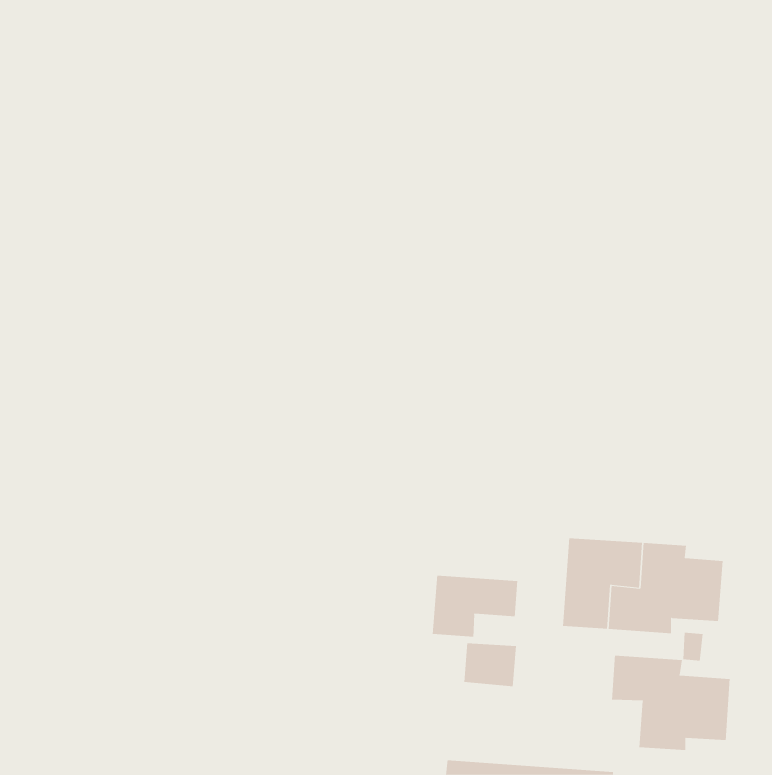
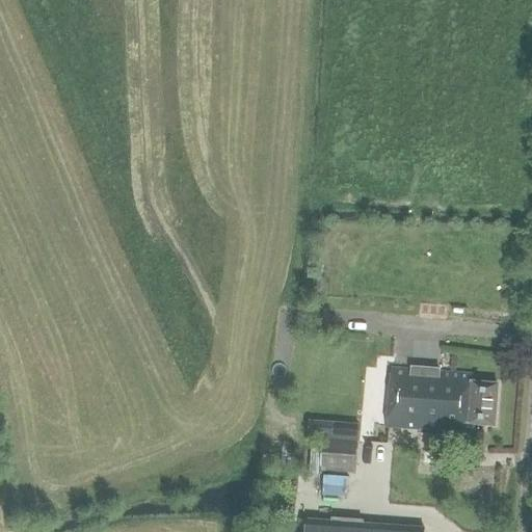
building: [432,575,518,637] -> none
building: [611,655,730,751] -> none

